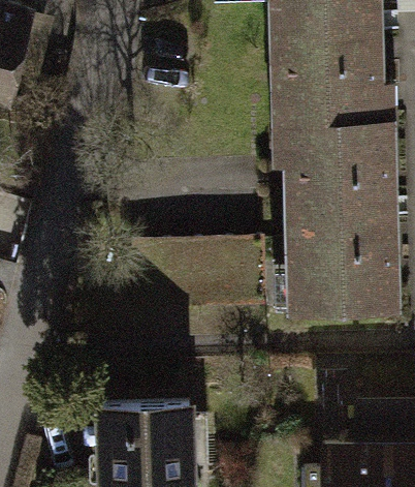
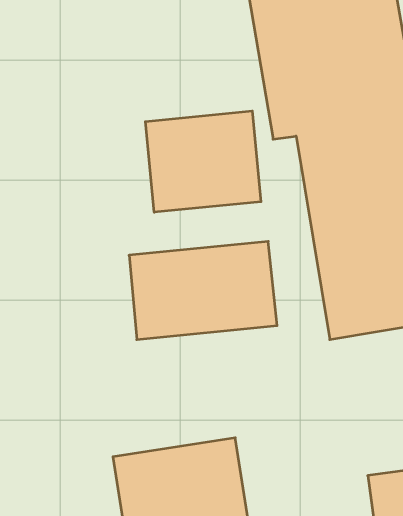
building: none -> [145,111,261,212]

